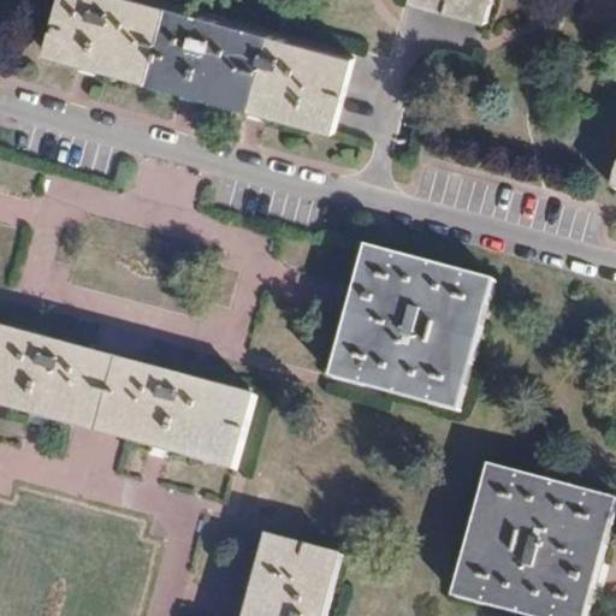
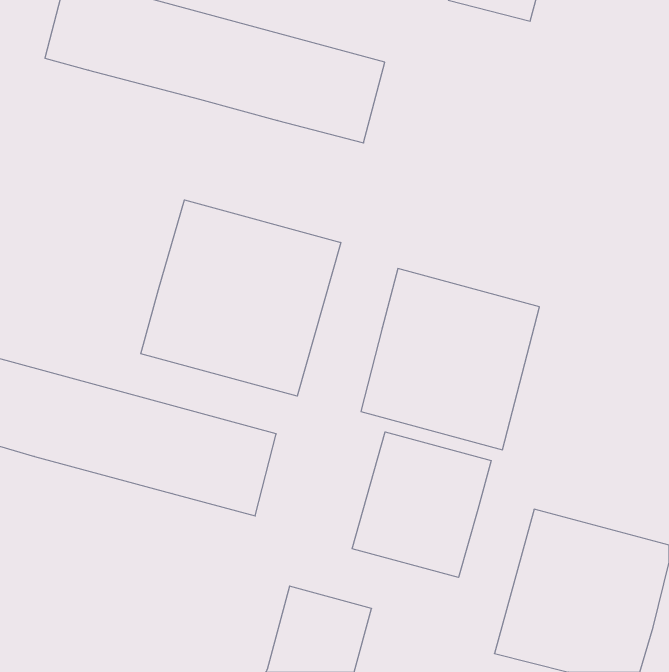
building: none -> [141,200,341,396]
building: none -> [352,432,491,577]

